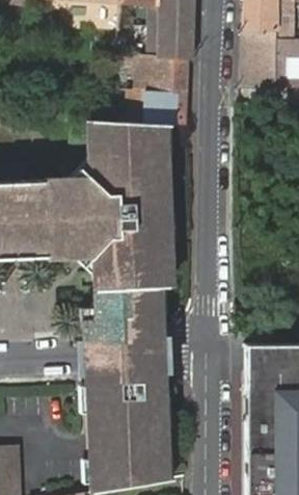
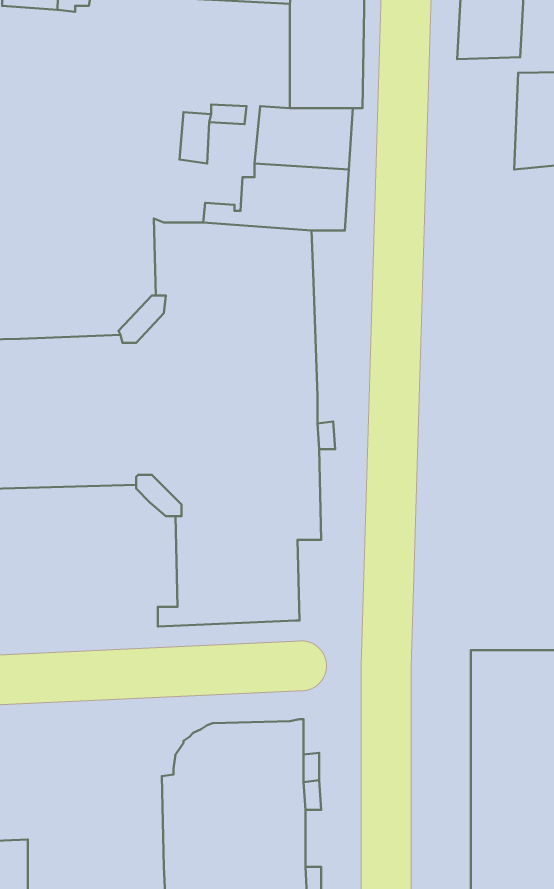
building: [239,31,276,93] -> none
building: [85,329,162,384] -> none

